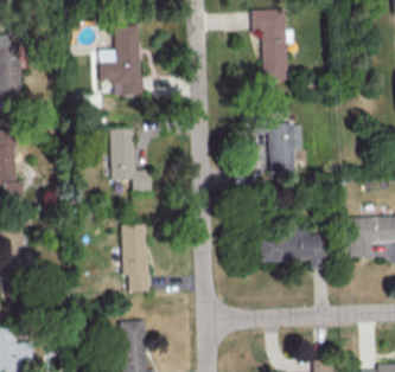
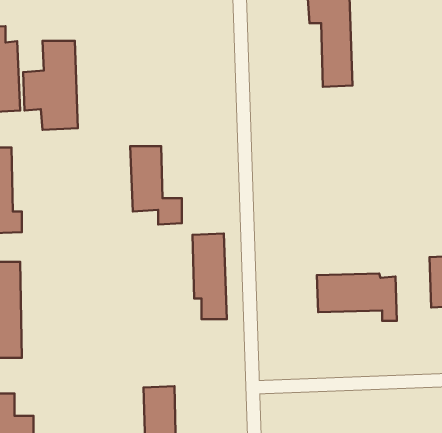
building: [98,26,142,97] -> [23,41,78,130]
building: [255,123,302,174] -> none
building: [121,224,148,293] -> [193,233,227,319]

